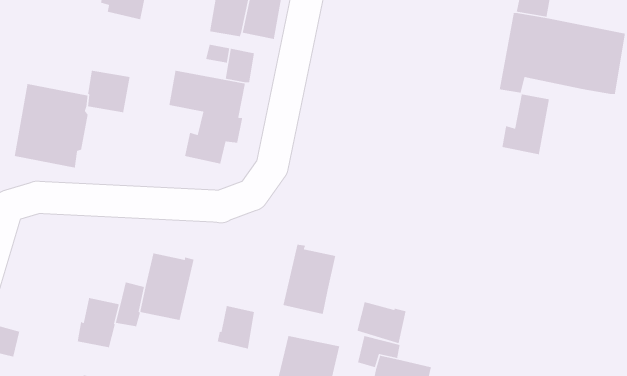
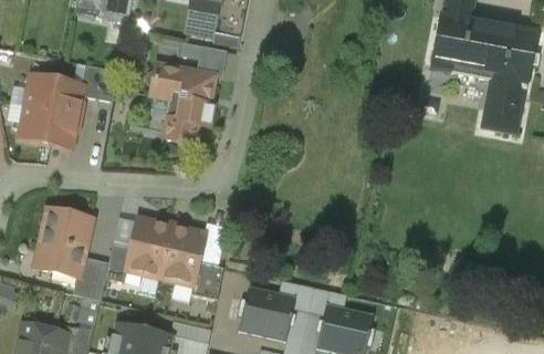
building: [501,94,550,155] -> [483,81,524,133]
building: none -> [35,208,92,277]
building: [283,244,336,316] -> [160,223,206,284]
building: [357,301,407,344] -> none

